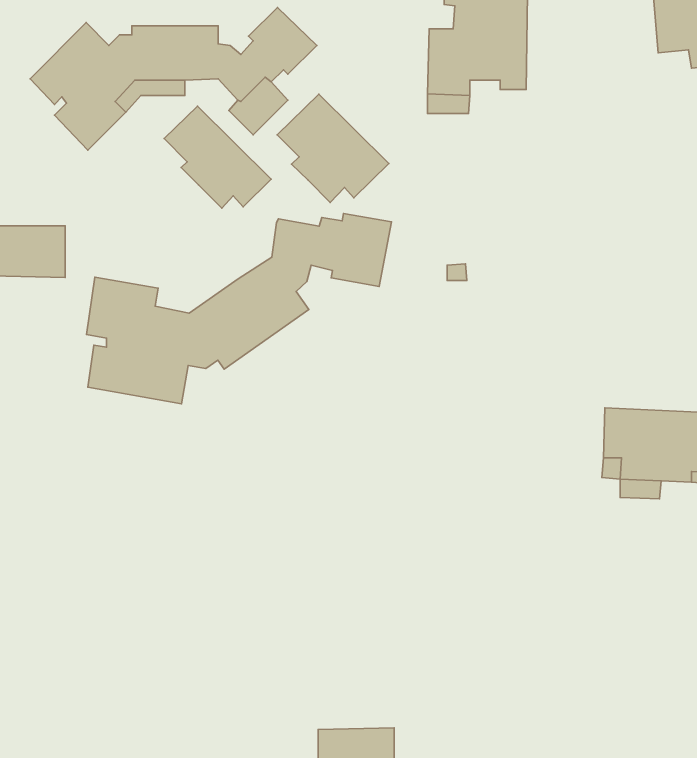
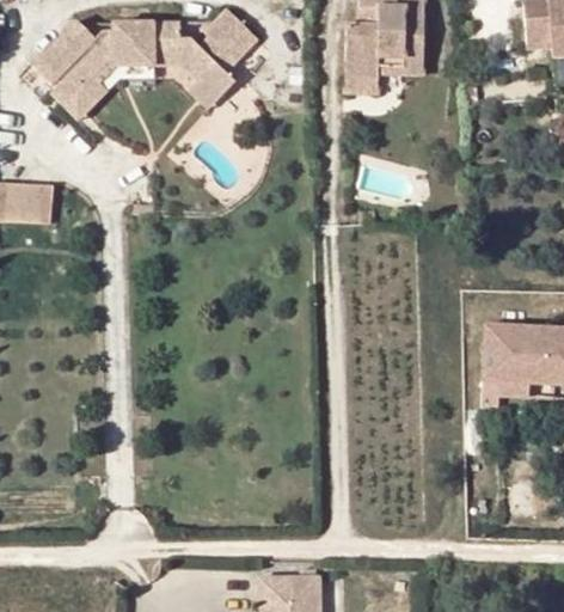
building: [277,94,389,203] -> none
building: [164,106,271,208] -> none
building: [86,213,392,404] -> none

